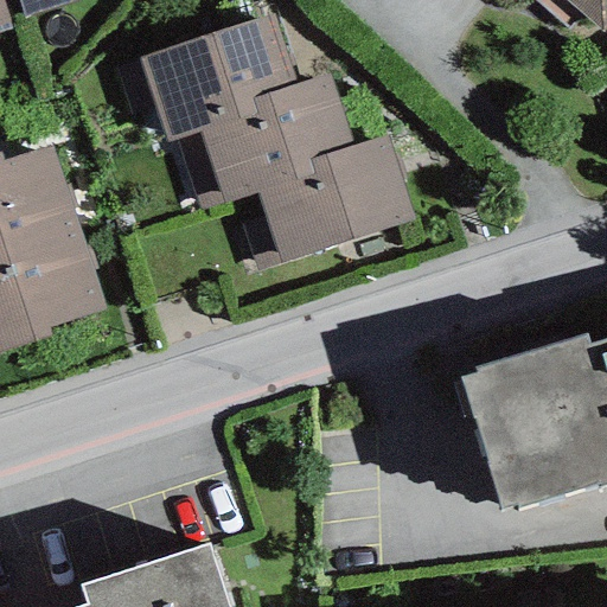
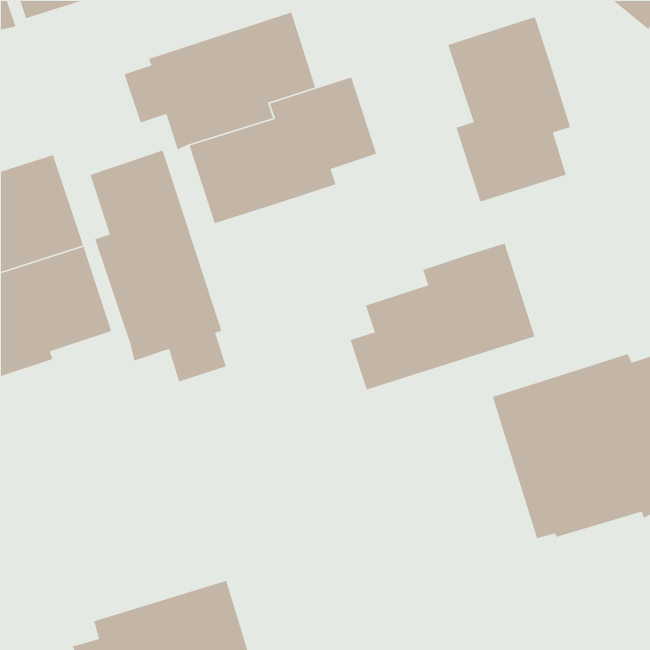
building: none -> [447,16,571,202]
building: [242,134,415,271] -> [350,243,536,390]
building: none -> [89,149,227,382]

